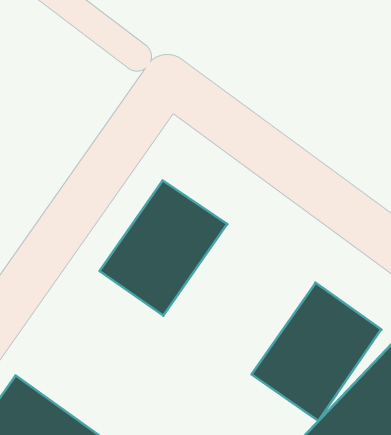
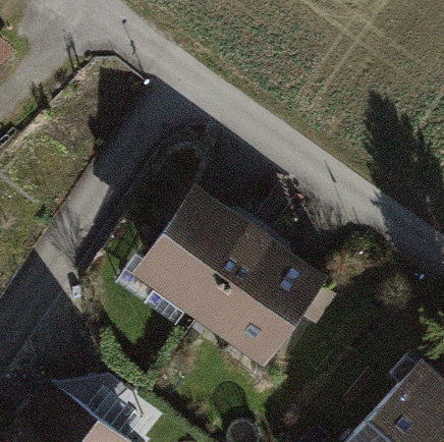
building: [252,283,381,421] -> [197,229,327,368]

